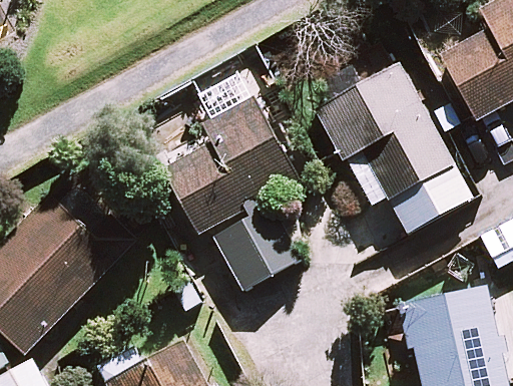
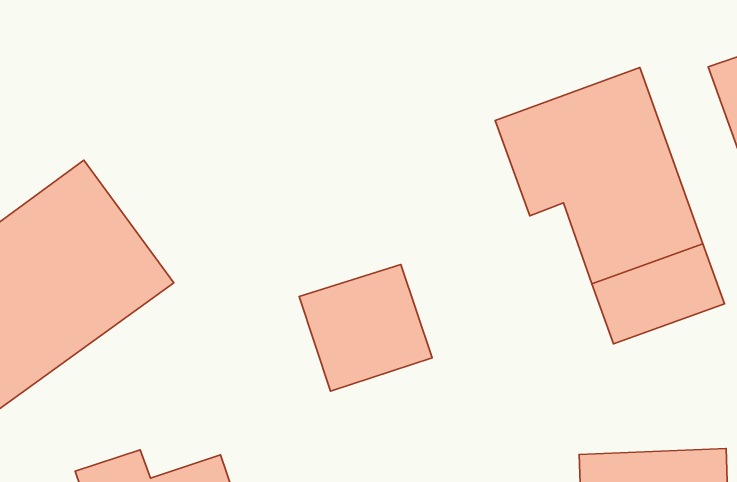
building: [161,95,298,234] -> none

